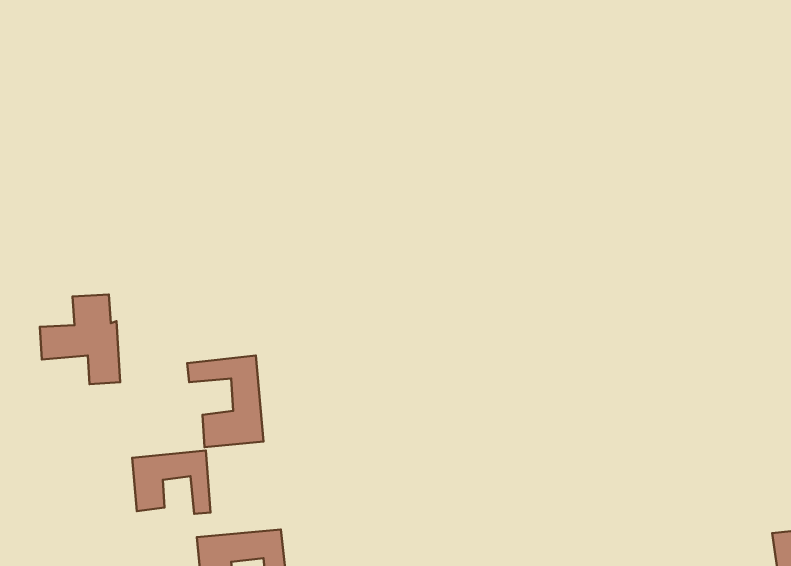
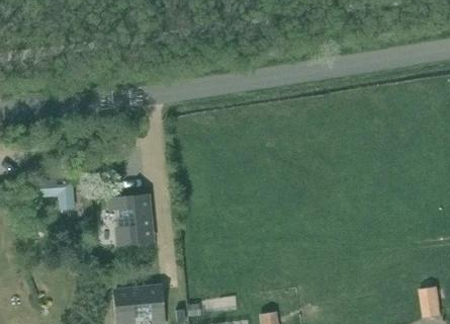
building: [132,450,211,514] -> none

